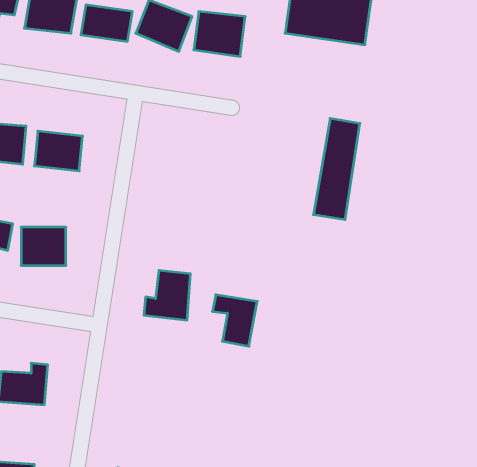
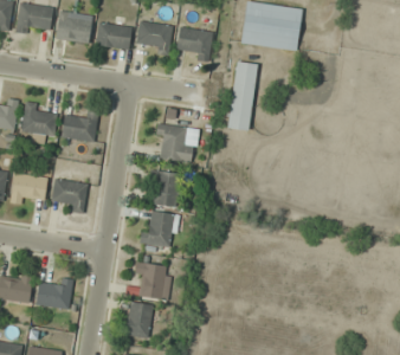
building: [313,118,360,220] -> [225,59,258,131]
building: none -> [156,124,198,161]
building: none -> [150,172,178,206]
building: [212,295,257,346] -> [134,262,166,298]
building: none -> [125,302,151,337]

